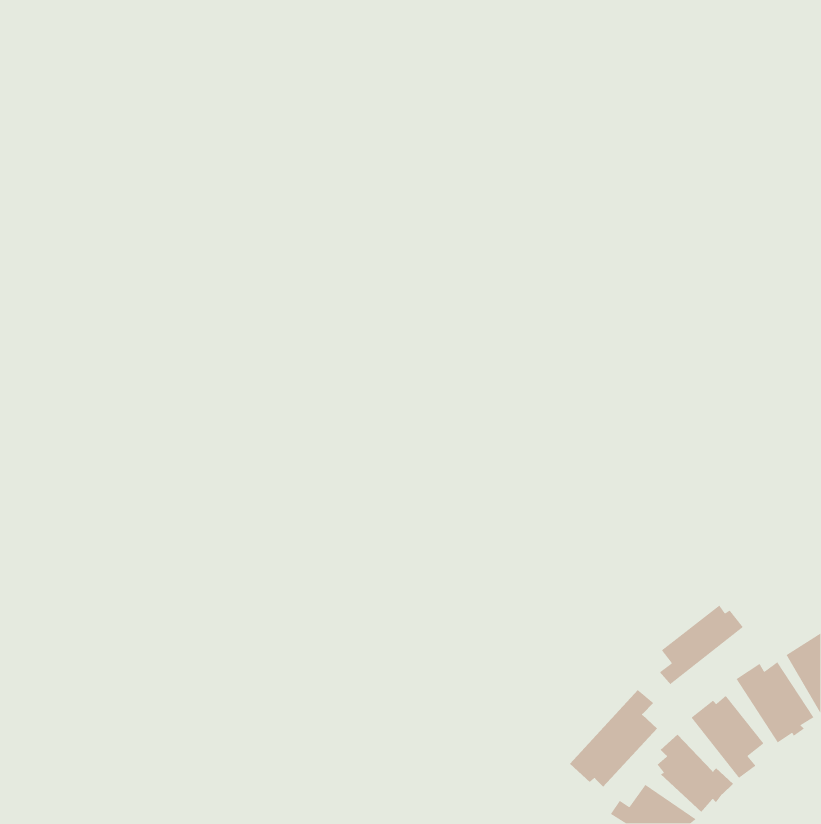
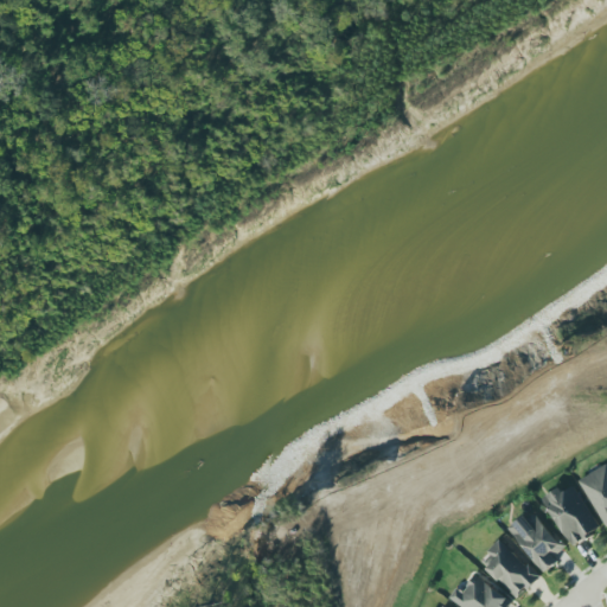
building: [659,604,744,685] -> none
building: [569,689,658,787] -> none

